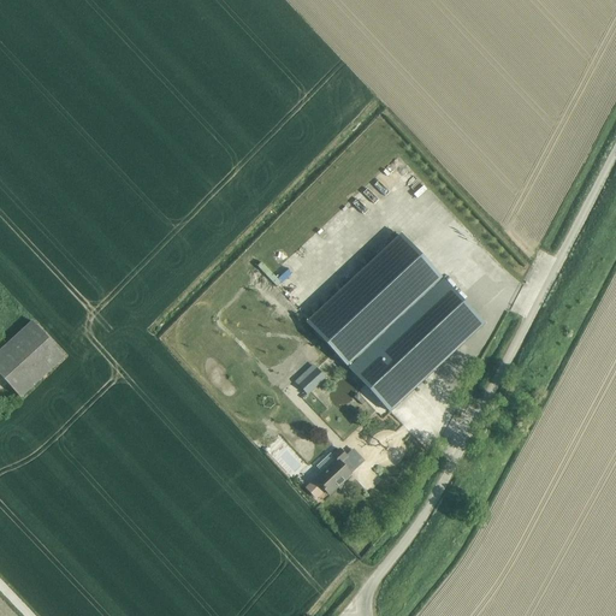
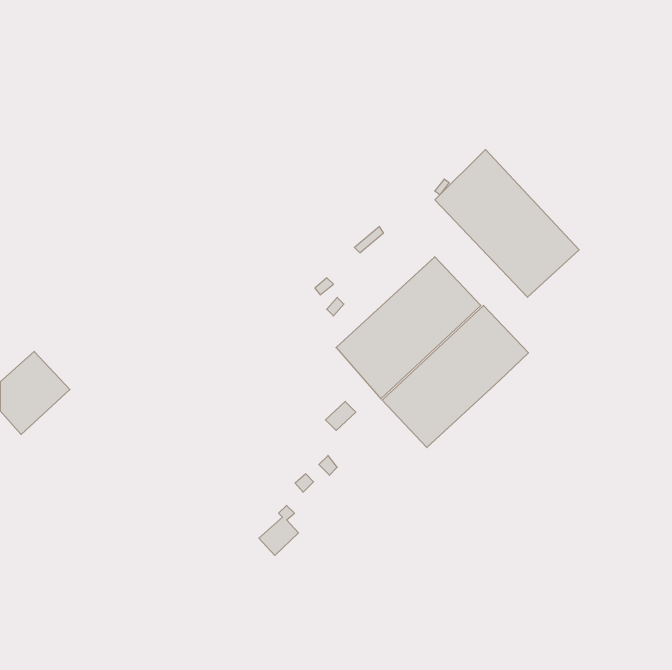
building: none -> [435,150,579,297]
building: [315,448,351,493] -> [259,505,298,555]

